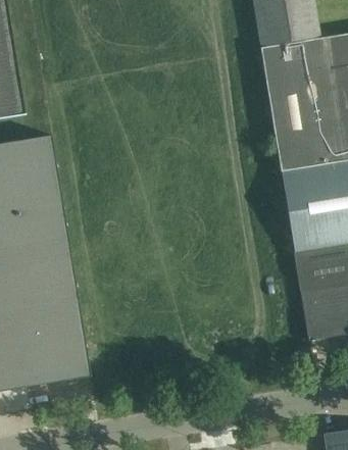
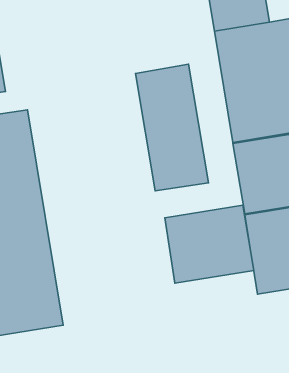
building: none -> [135,64,208,191]
building: none -> [165,205,254,283]

